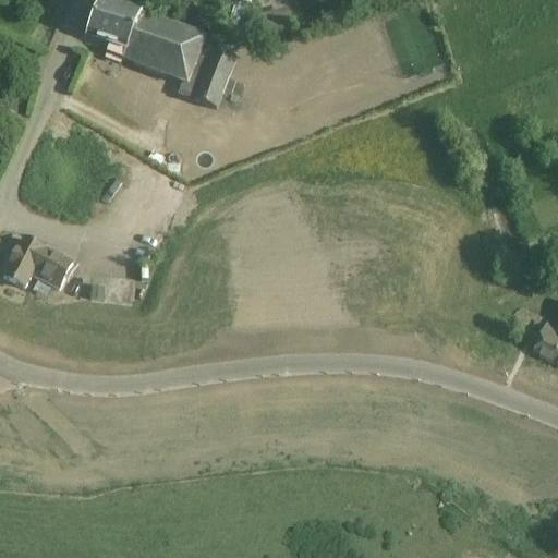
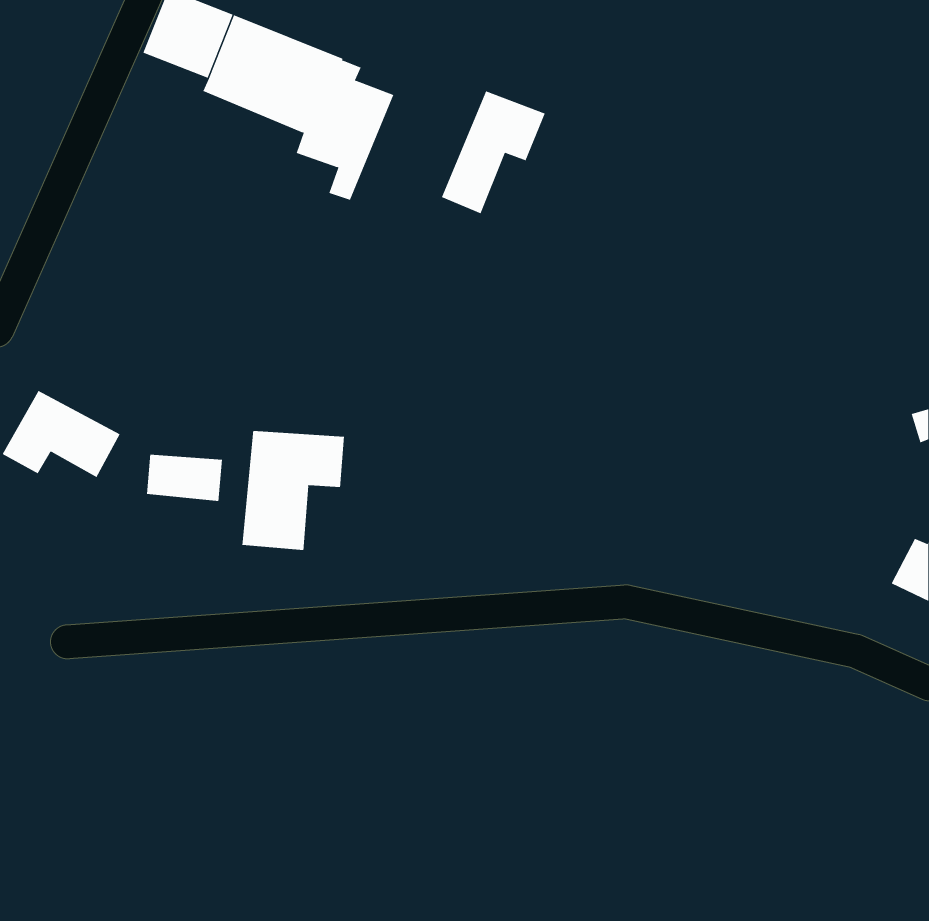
building: none -> [441,91,546,214]
building: none -> [242,430,345,551]

